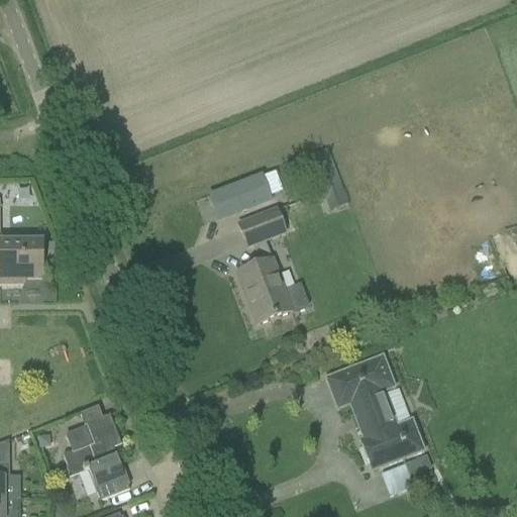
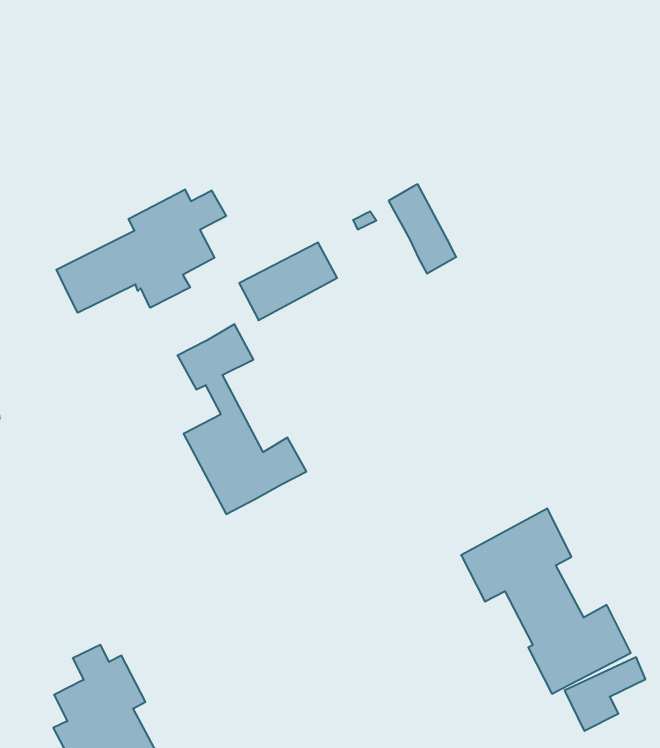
building: none -> [56,189,226,313]
building: [236,206,309,322] -> [177,324,306,514]

